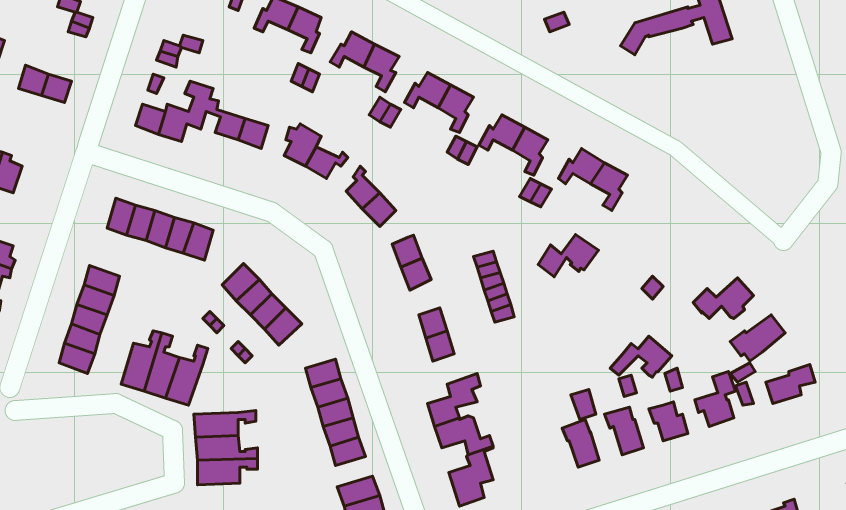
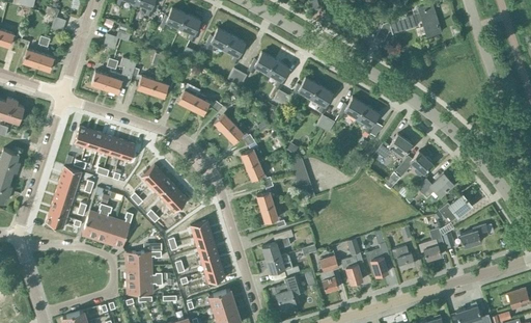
building: [538,234,598,277] -> [375,135,411,160]
building: [610,336,672,377] -> [395,153,431,177]
building: none -> [318,255,338,293]

